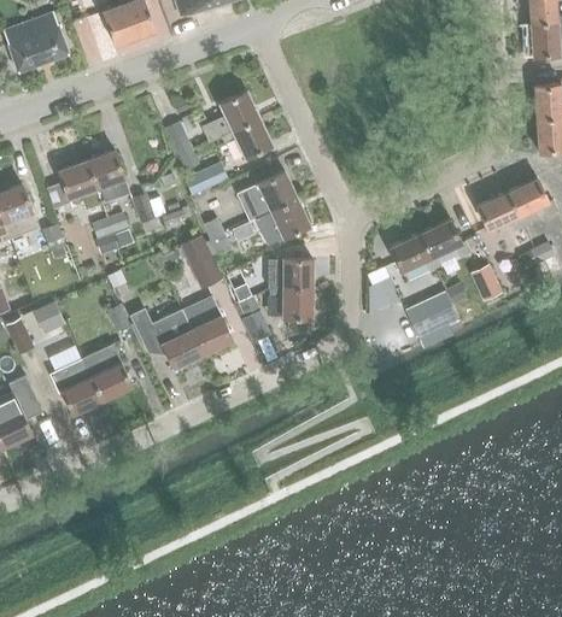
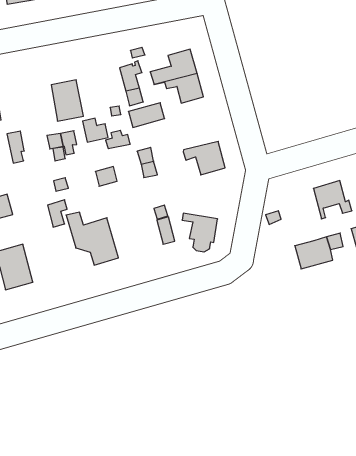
building: [46,161,100,208] -> none
building: [236,170,297,219] -> none
building: [390,234,435,271] -> none
building: [178,235,221,288] -> none
building: [269,258,311,289] -> none
building: [178,295,233,355] -> none
building: [83,345,133,401] -> none

